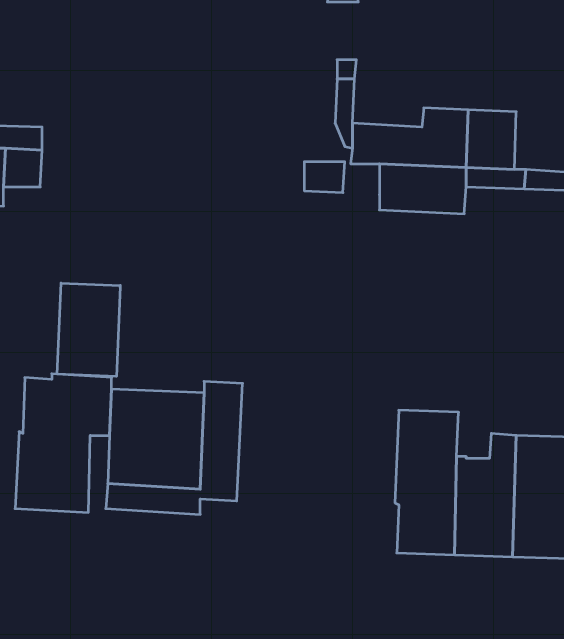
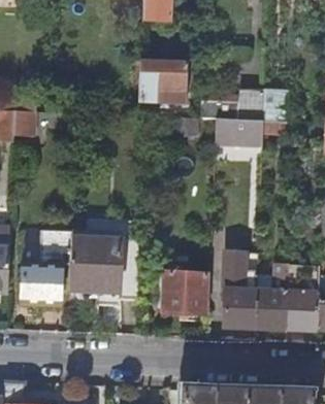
building: none -> [139,61,187,103]
building: [57,283,120,376] -> none
building: none -> [163,271,207,314]

